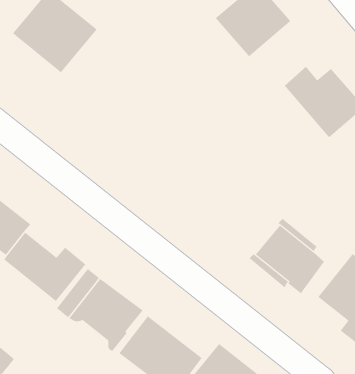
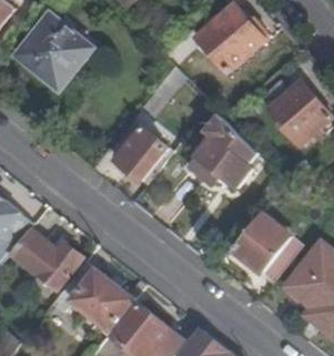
building: none -> [184,121,251,190]
building: none -> [114,125,172,183]

